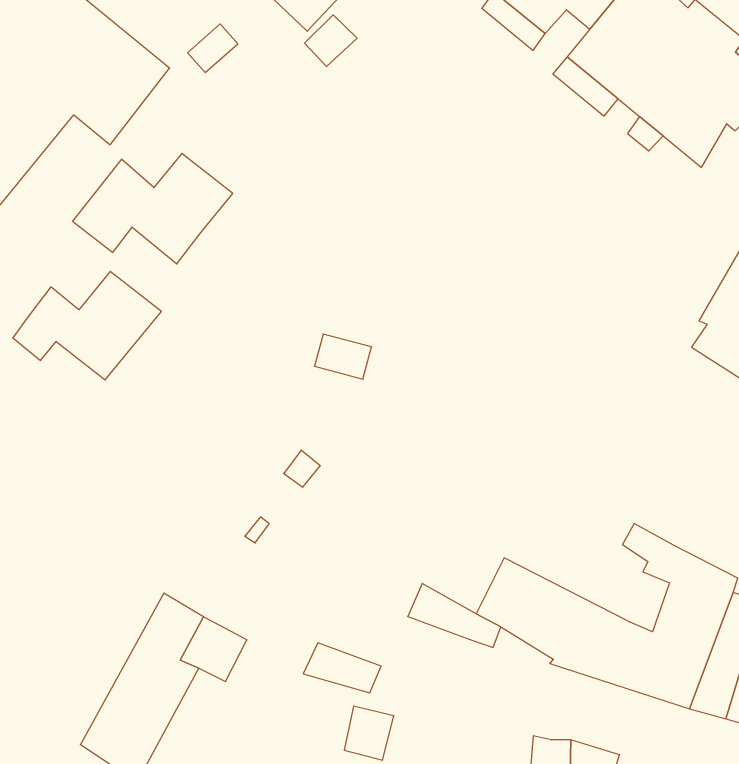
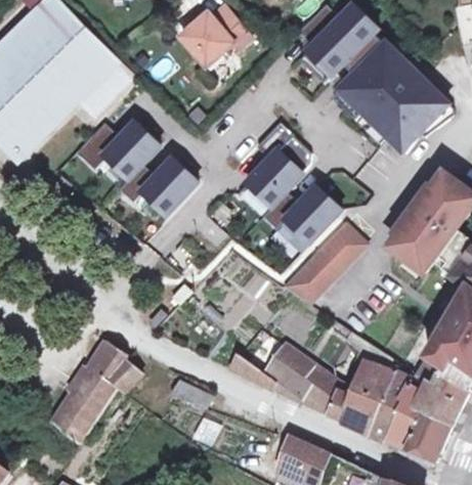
building: none -> [245,120,340,240]
building: [13,271,161,380] -> [118,156,197,212]
building: none -> [285,220,364,302]

